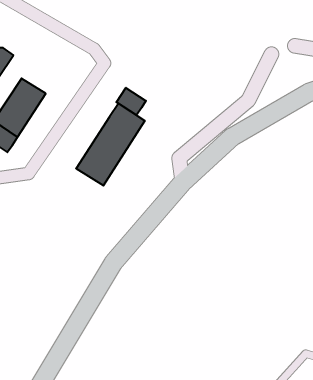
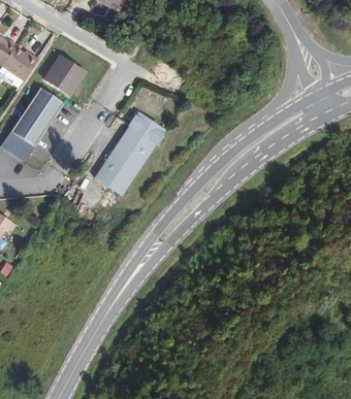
building: none -> [42,52,86,95]
building: [116,88,146,115] -> none

